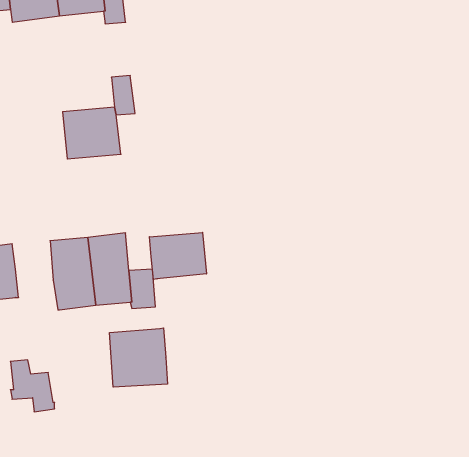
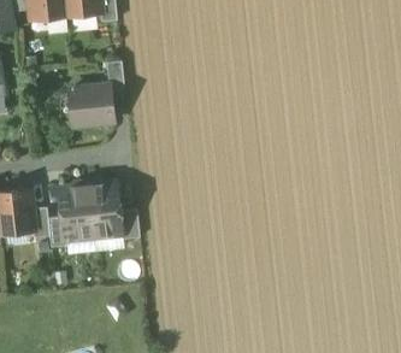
building: [149,232,206,280] -> none
building: [110,328,167,387] -> none
building: [10,360,55,412] -> [33,207,66,247]

